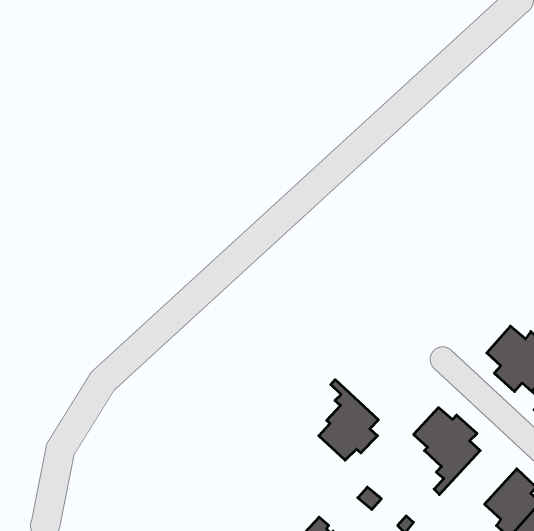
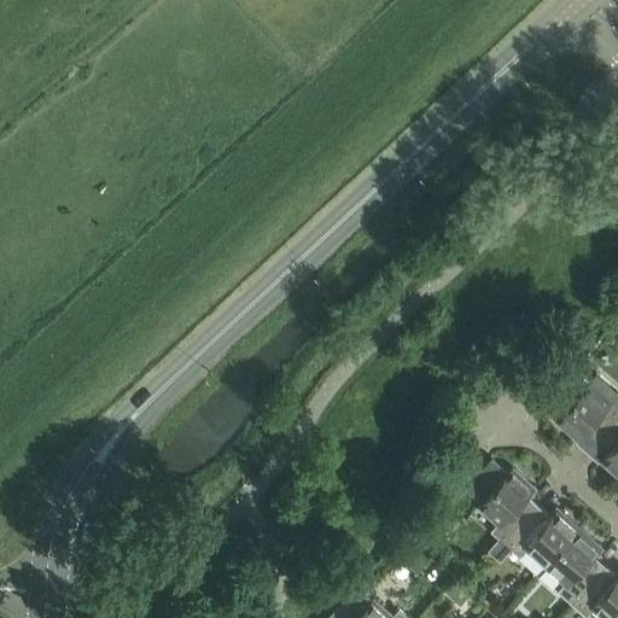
building: [319,380,378,460] -> none
building: none -> [511,526,597,587]

